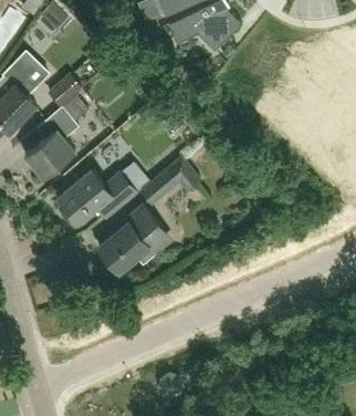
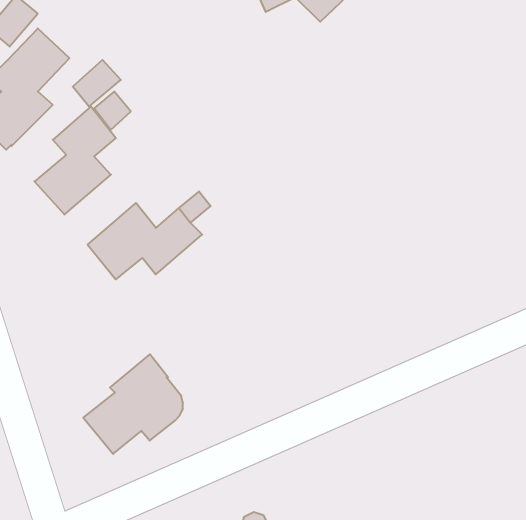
building: [140,157,201,205] -> none
building: [98,205,165,271] -> [83,354,183,454]

